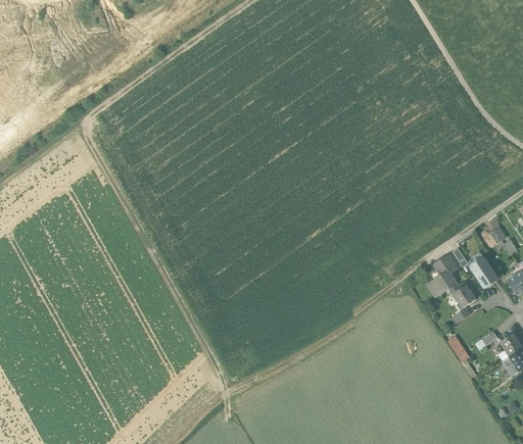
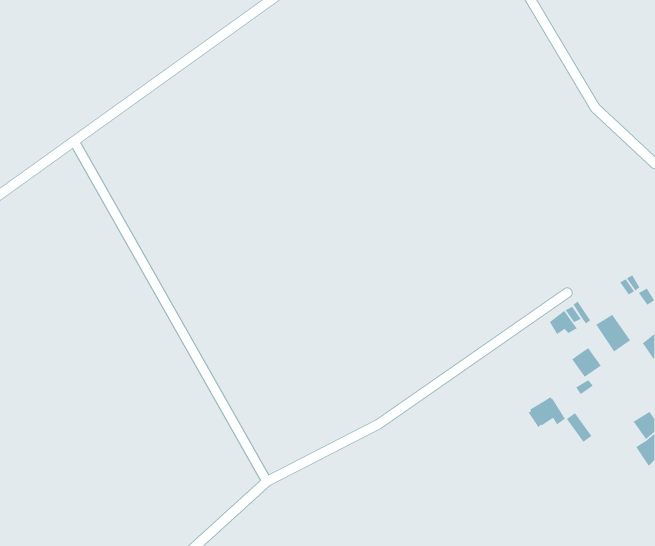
building: [430,270,460,295] -> [527,396,566,428]

